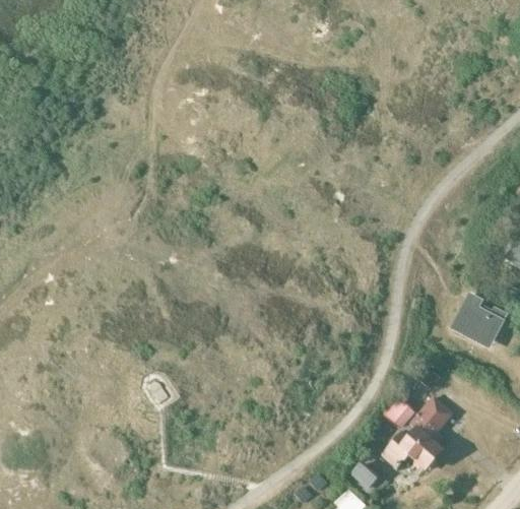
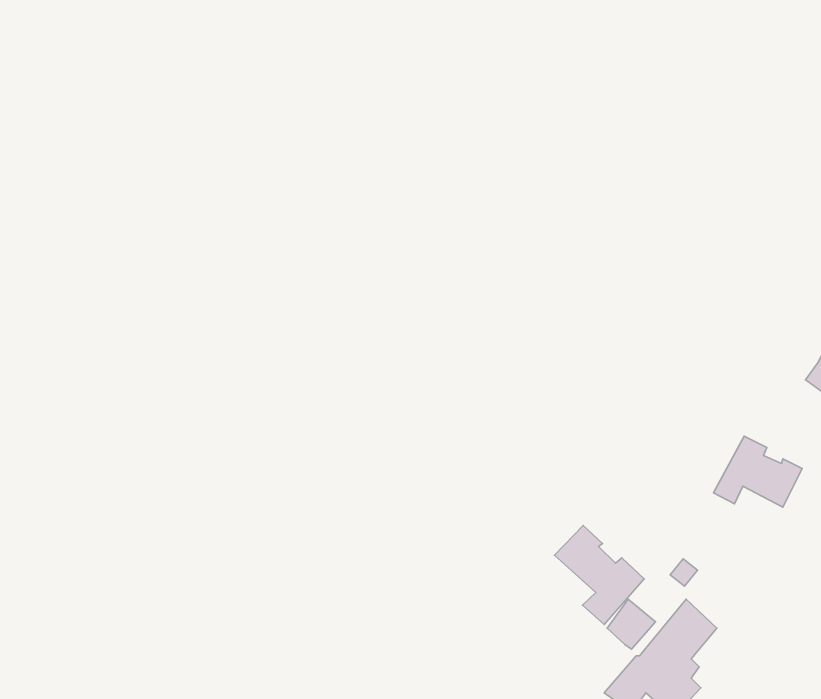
building: none -> [555,526,644,624]

